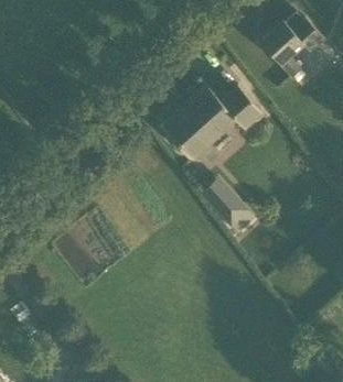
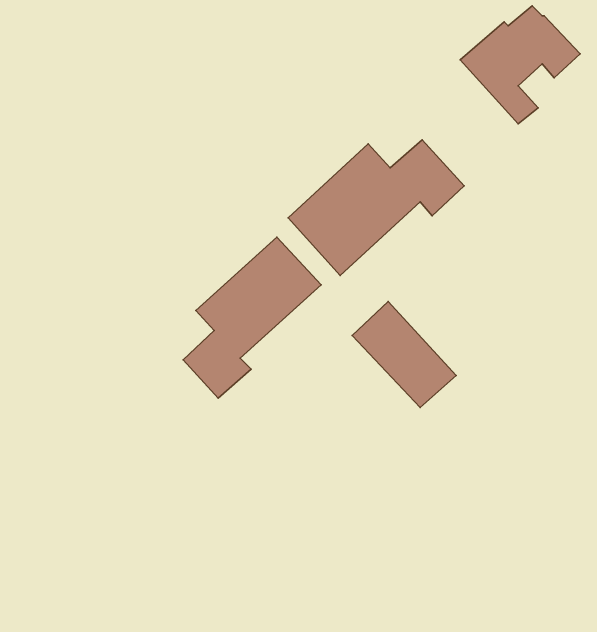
building: none -> [183,237,321,398]

